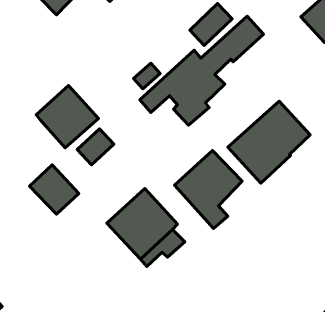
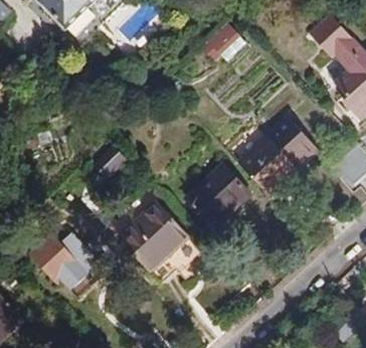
building: [140,16,264,125] -> none
building: [36,86,98,148] -> none
building: [30,165,79,214] -> [32,238,80,287]

